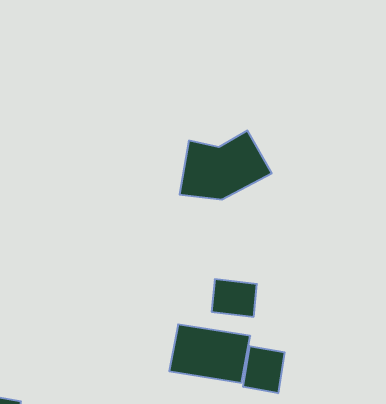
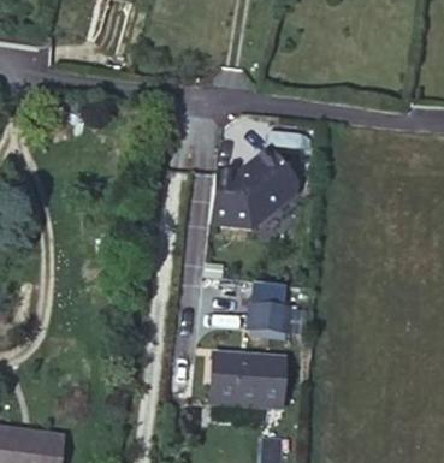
building: [243,346,285,393] -> none

